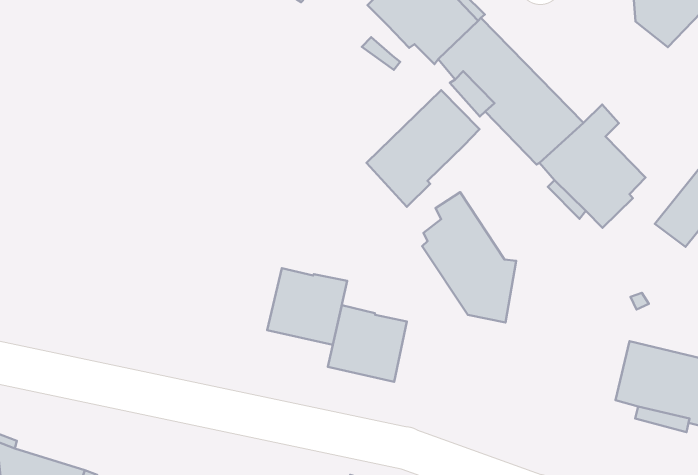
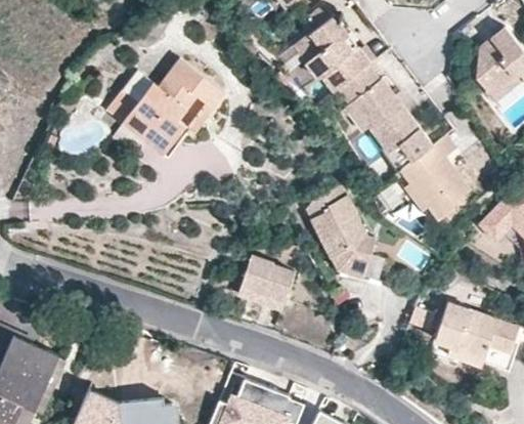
building: none -> [106,59,227,158]
building: [366,90,479,207] -> none
building: [267,268,347,345] -> none

